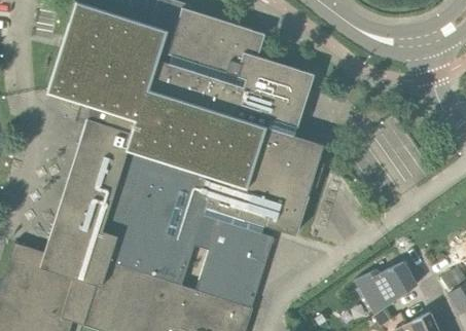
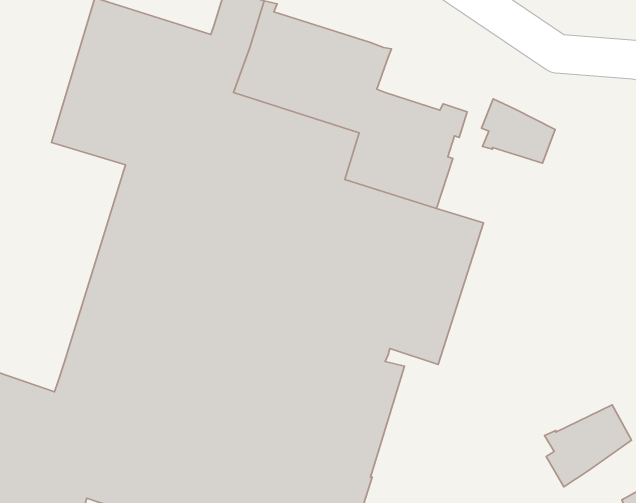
building: none -> [482,99,555,163]

